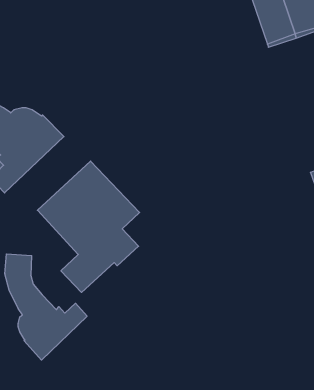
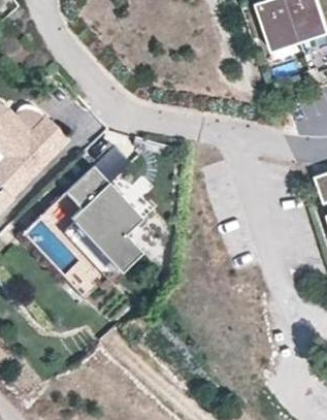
building: [5,254,87,360] -> none

